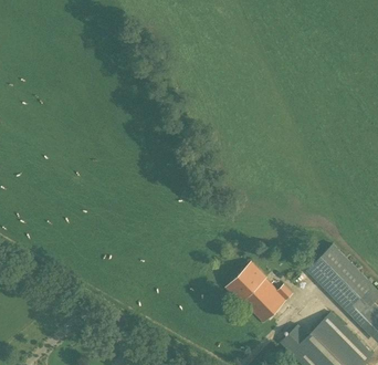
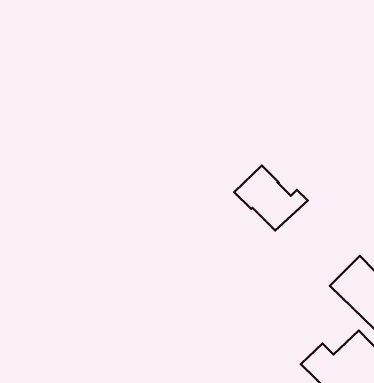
building: [224,262,292,322] -> [234,166,308,231]

